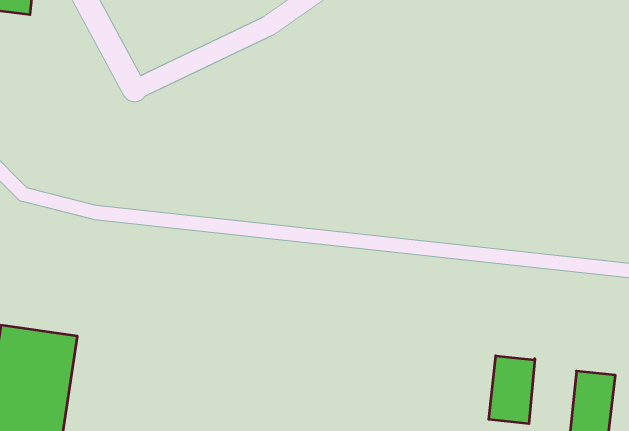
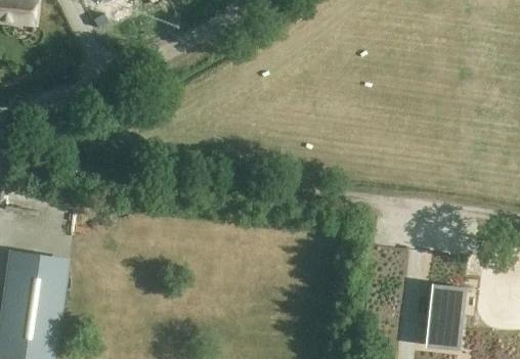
building: [489,356,535,424] -> none

